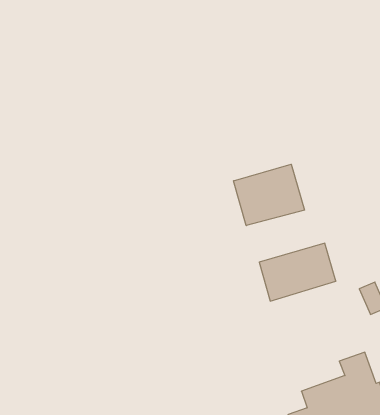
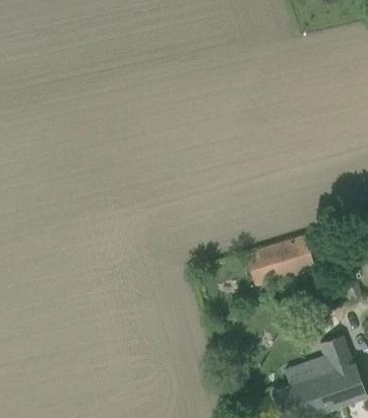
building: [234,164,305,226] -> none

